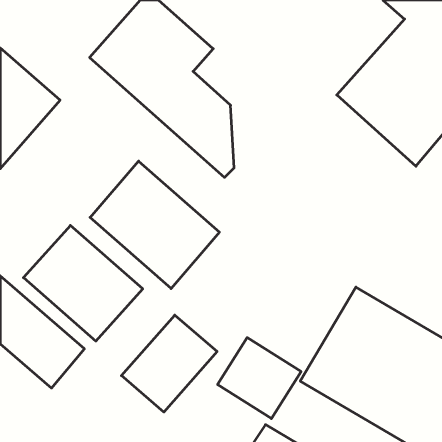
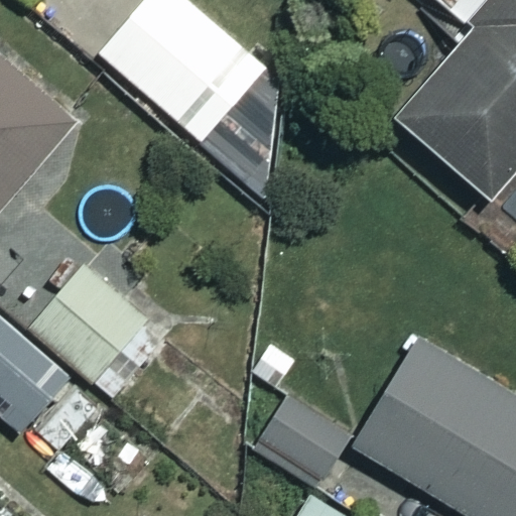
building: [90,161,219,289] -> none
building: [121,315,217,412] -> none

